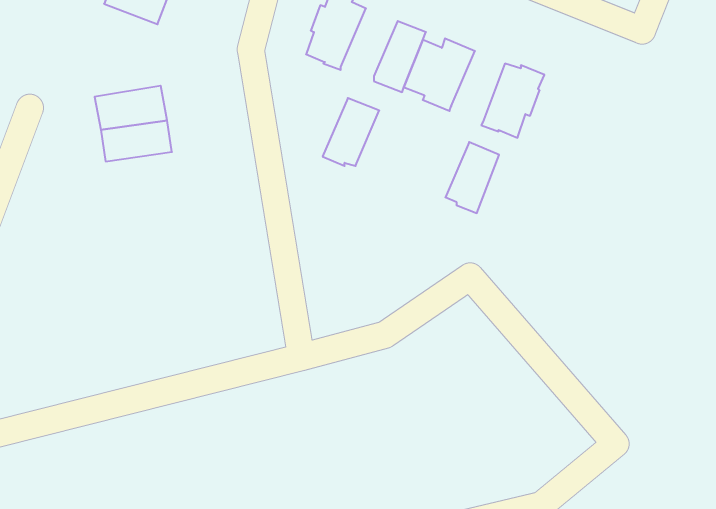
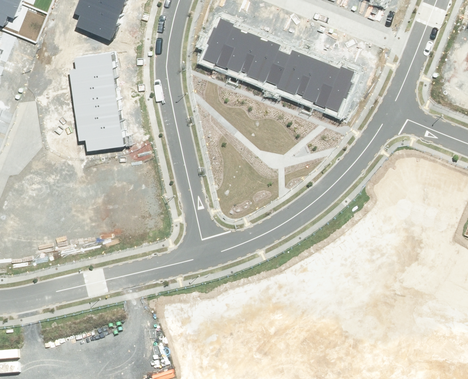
building: none -> [68,54,112,85]
building: [323,98,379,166] -> [226,29,262,72]
building: [445,142,499,213] -> [296,56,330,101]
building: none -> [77,120,122,151]

